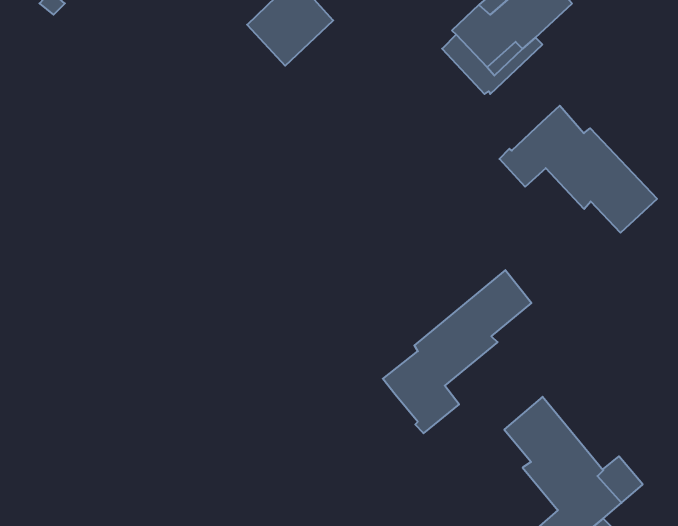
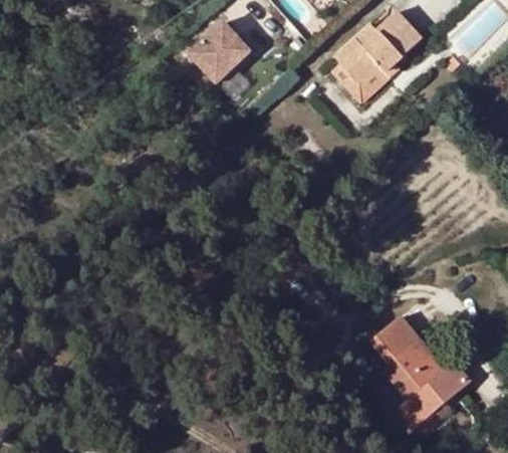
building: [499,106,657,233] -> none
building: [383,270,531,433] -> none

